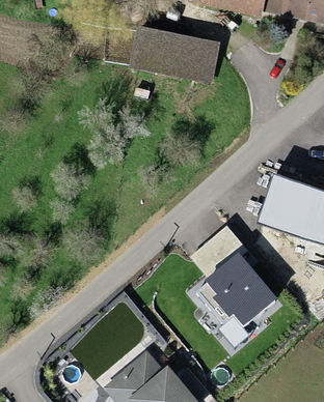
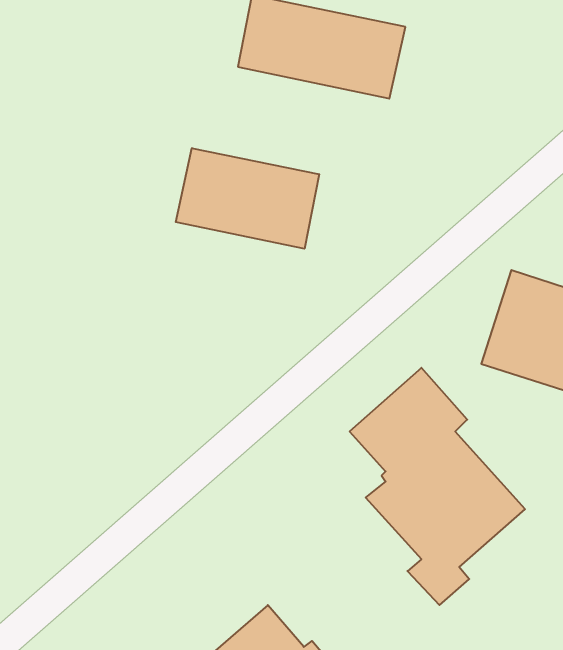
building: none -> [176,148,319,249]

